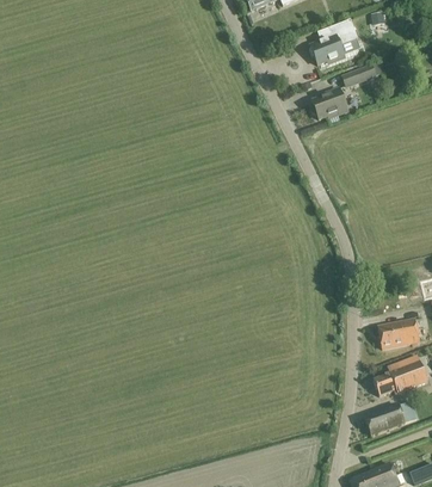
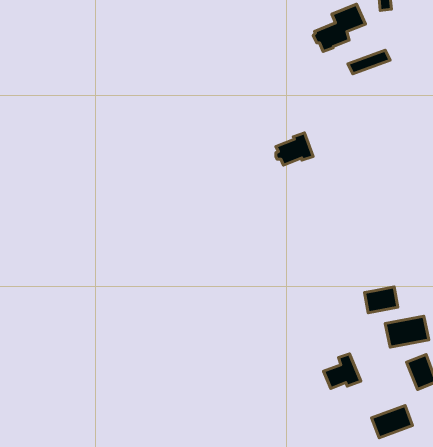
building: [313,87,348,118] -> [276,133,313,165]
building: none -> [364,287,398,313]
building: [374,362,409,395] -> [323,354,361,389]

